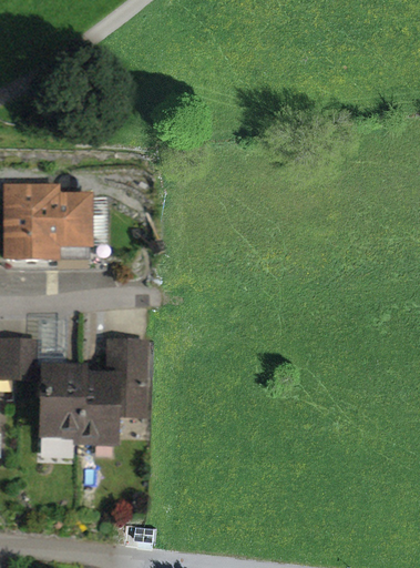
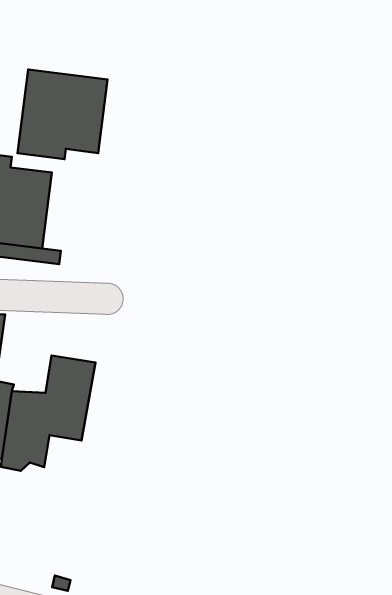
building: none -> [18,69,108,159]

